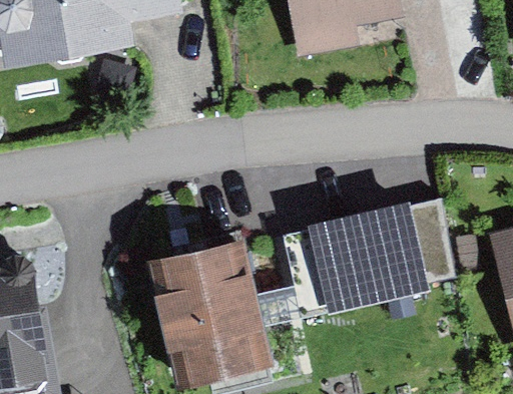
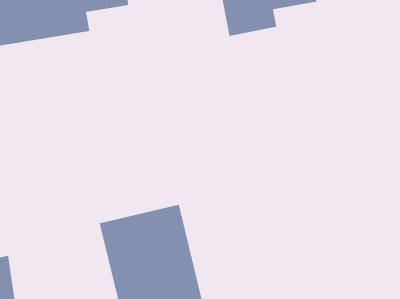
building: [307,194,458,306] -> none

